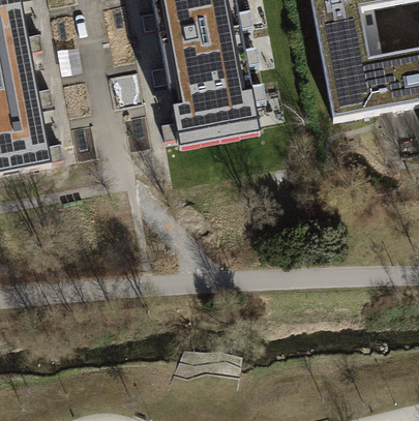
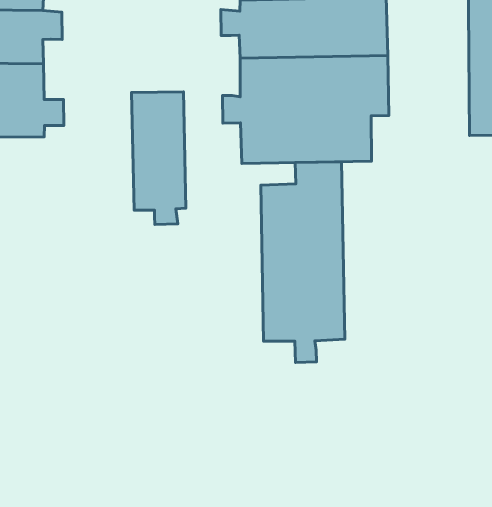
building: none -> [132,92,186,224]
building: none -> [261,162,345,363]

